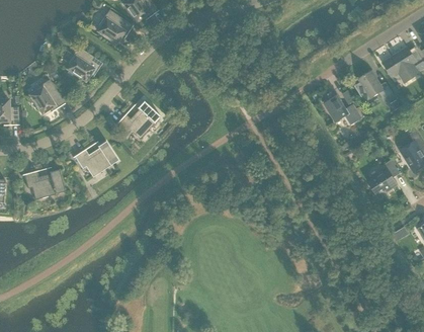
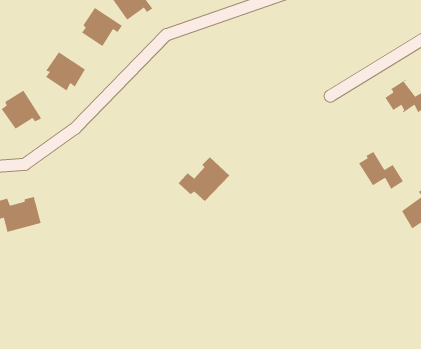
building: [322,92,361,125] -> [357,151,404,189]
building: [114,100,160,139] -> [176,156,230,202]
building: [72,141,117,177] -> none

